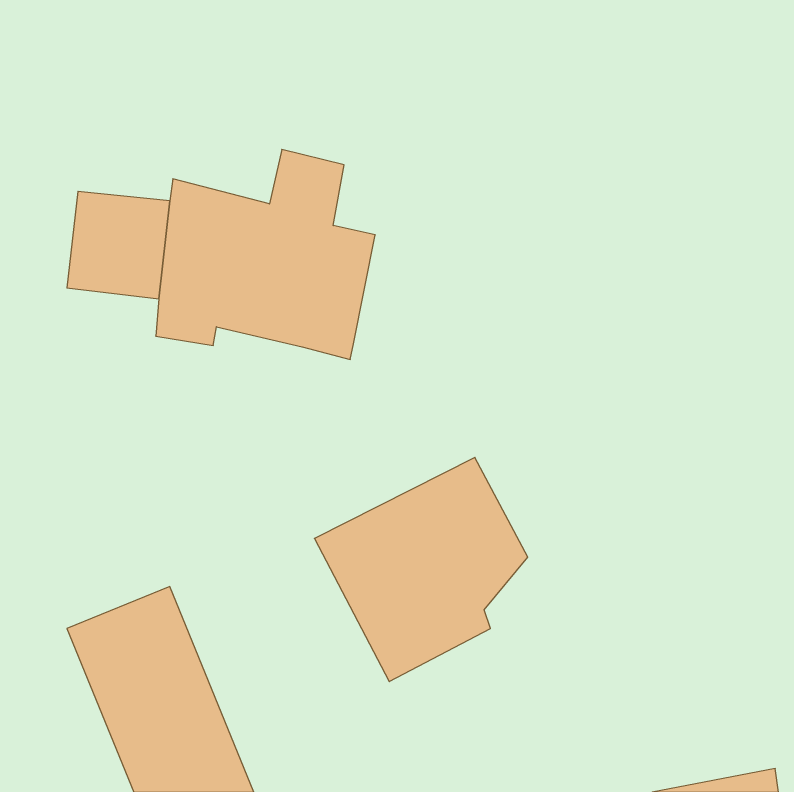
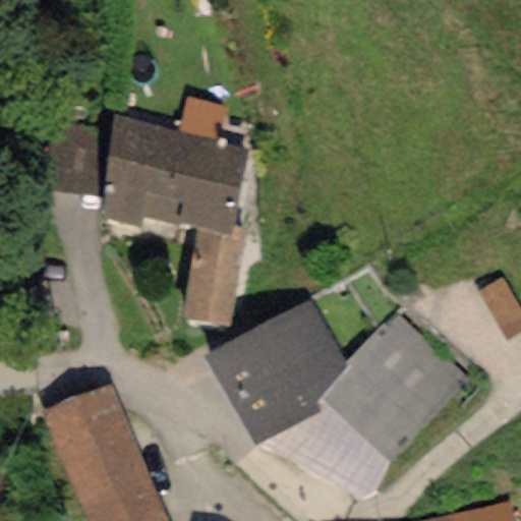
building: none -> [182,225,243,323]
building: none -> [255,316,464,496]

